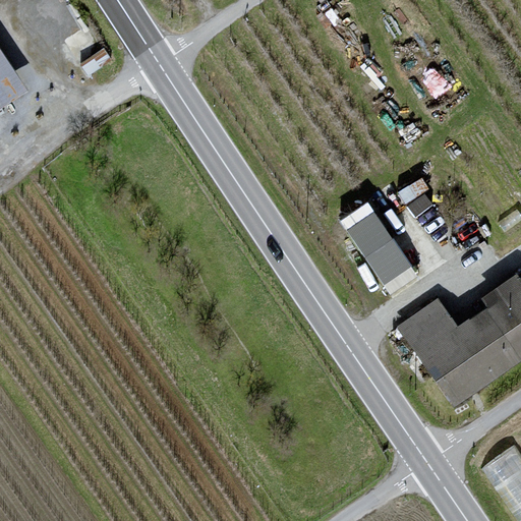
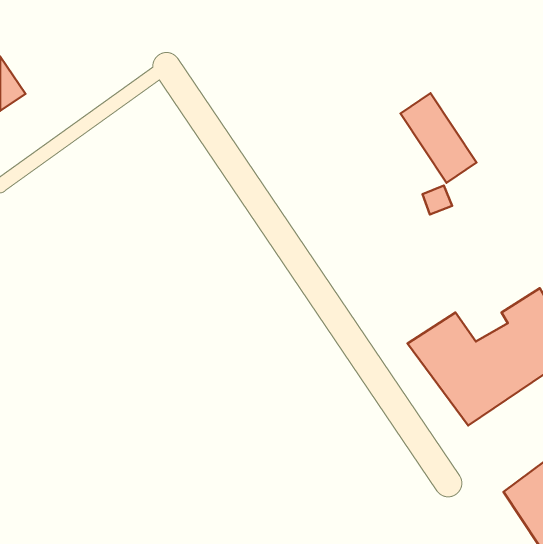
building: [343,198,415,284] -> [401,93,476,183]

